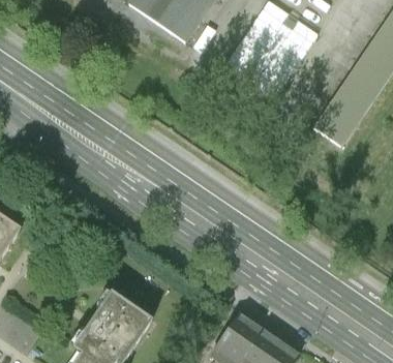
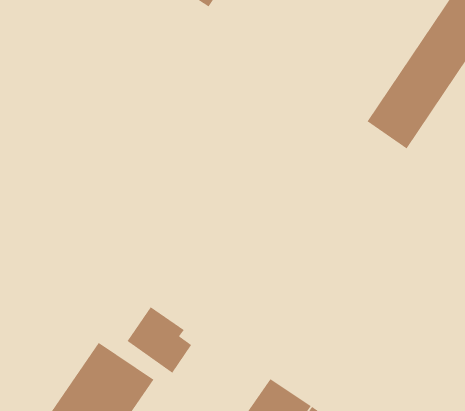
building: none -> [126,306,192,374]

